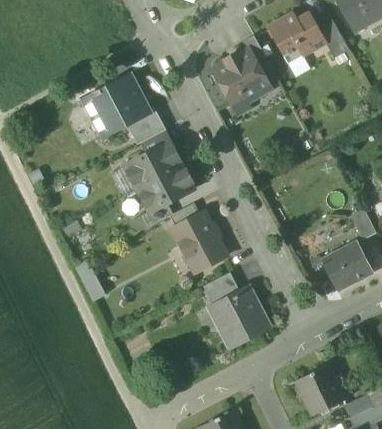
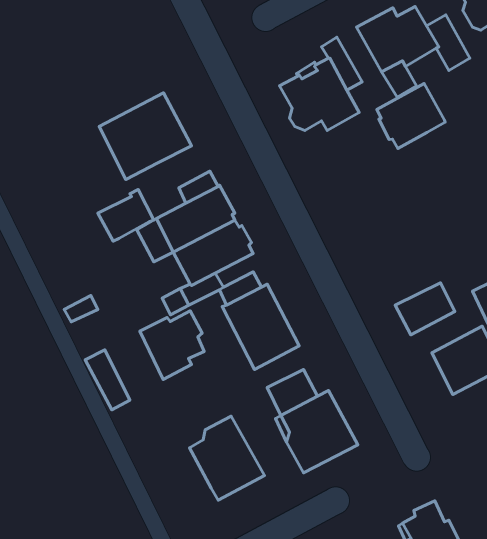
building: none -> [377,83,445,149]
building: [126,107,166,144] -> [98,190,154,241]
building: none -> [395,283,455,335]
building: none -> [140,311,204,380]
building: none -> [190,416,264,500]

